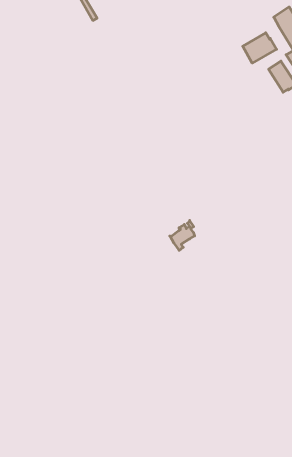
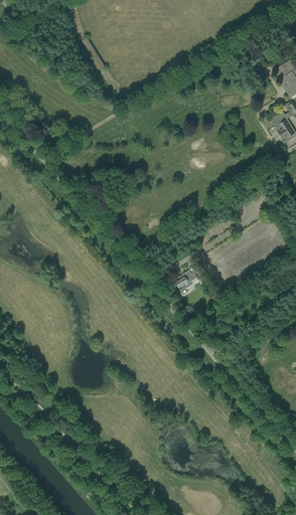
building: [243,33,277,63] -> none

